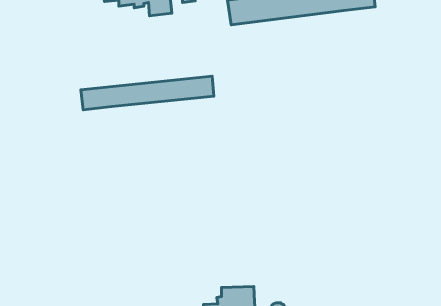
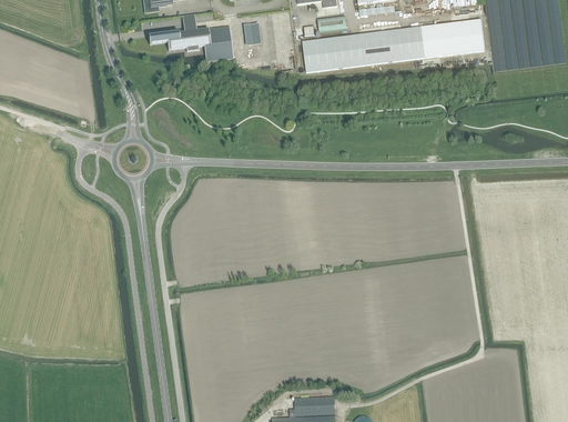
building: [81,76,214,110] -> none

